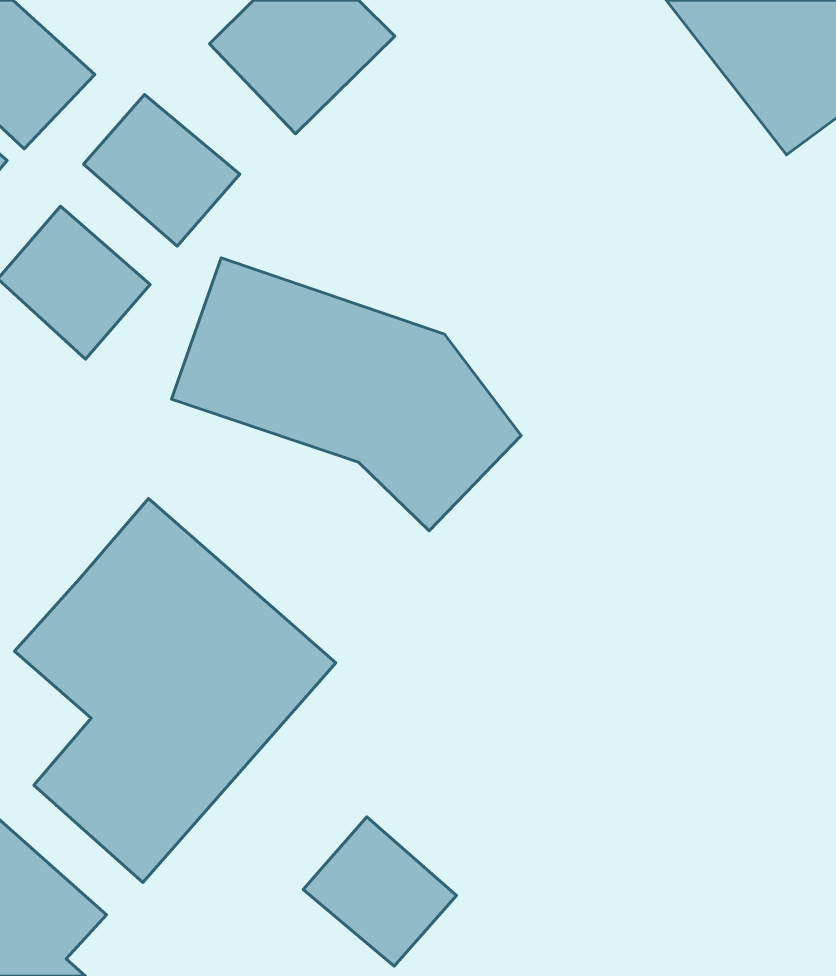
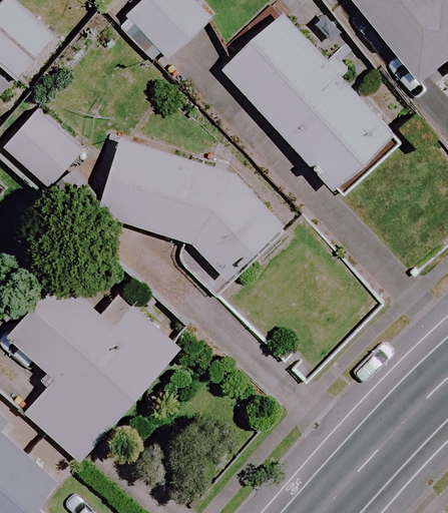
building: none -> [222,12,396,191]
building: [83,94,240,246] -> none
building: [303,817,457,966] -> none

